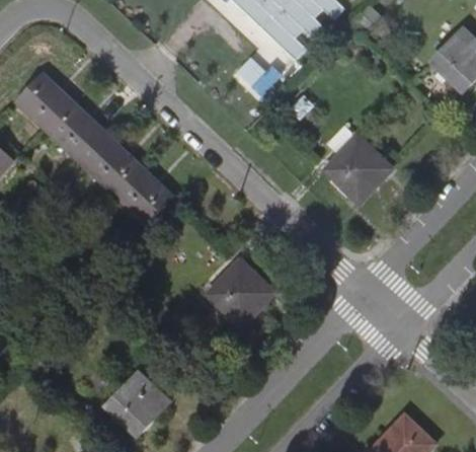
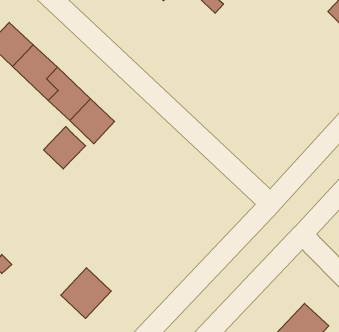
building: [327,136,390,200] -> none
building: none -> [44,127,86,169]
building: [210,260,272,323] -> none

